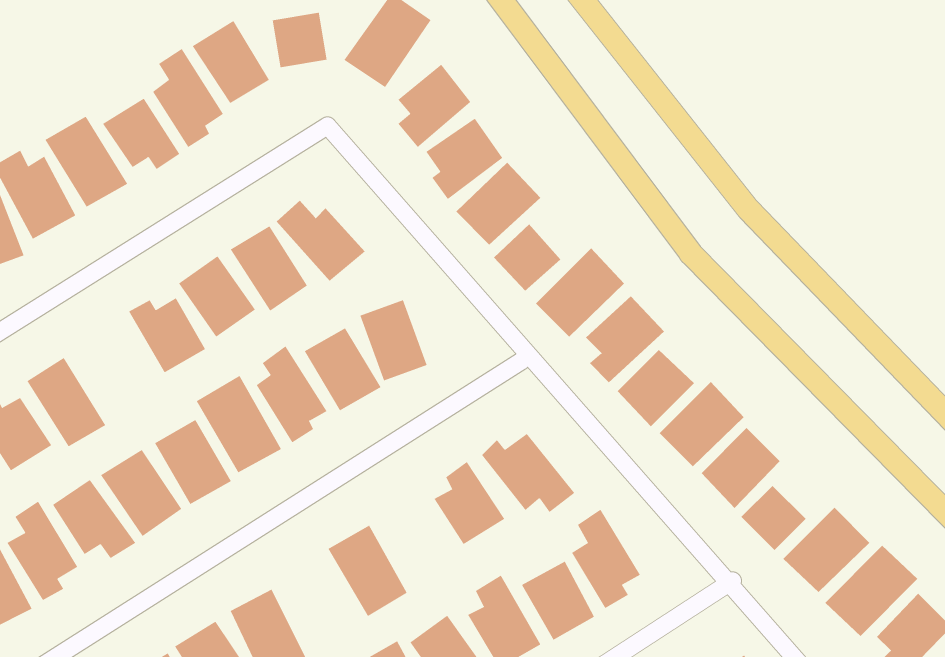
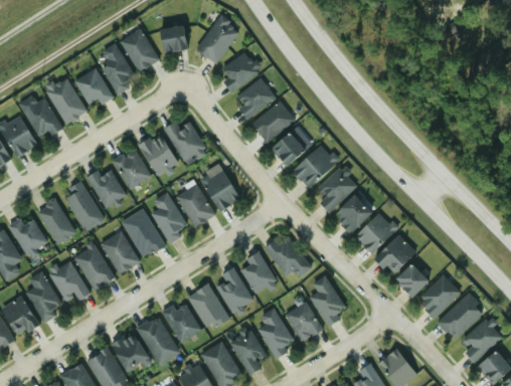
building: none -> [65,180,104,232]
building: none -> [216,266,252,313]
building: none -> [160,304,201,343]

